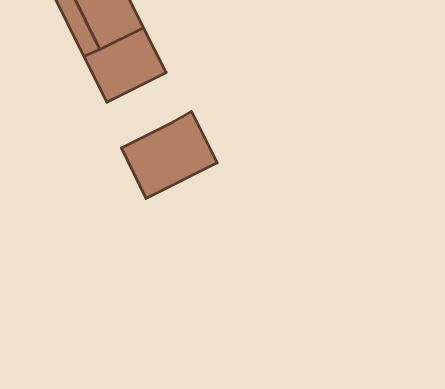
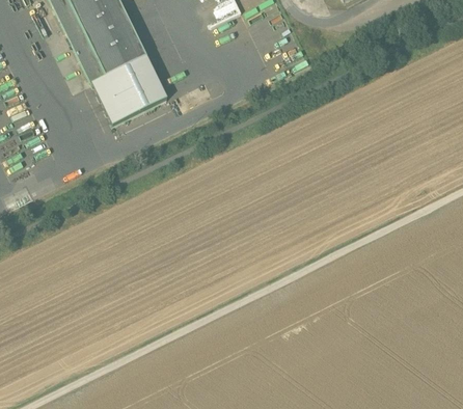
building: [121,111,217,199] -> none

